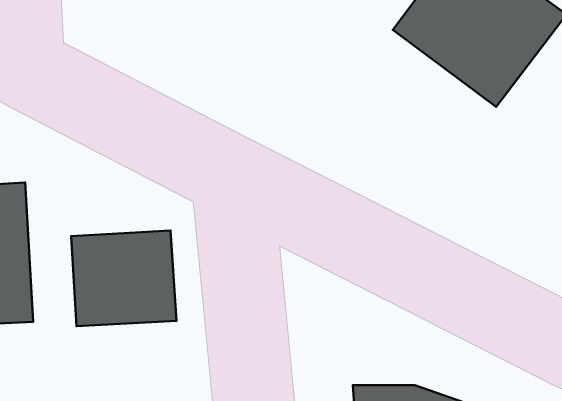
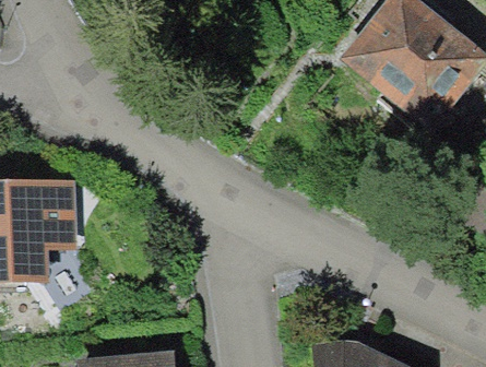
building: [71,230,177,326] -> none

